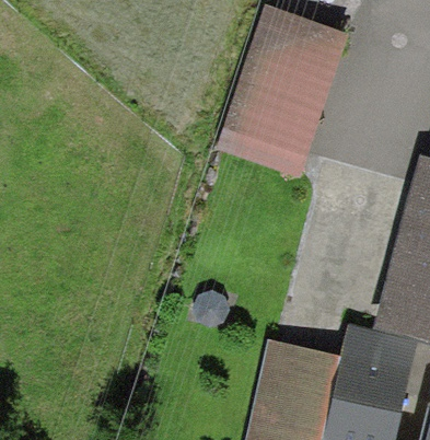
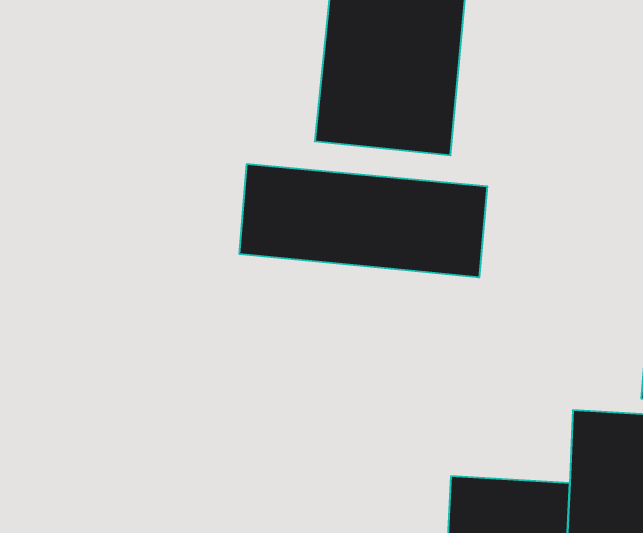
building: none -> [239,164,487,278]

